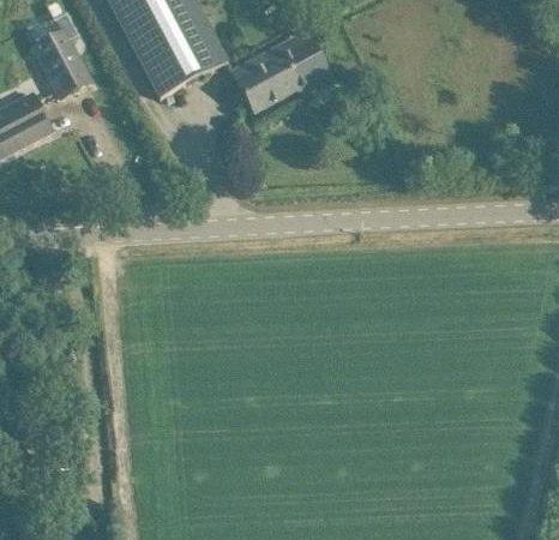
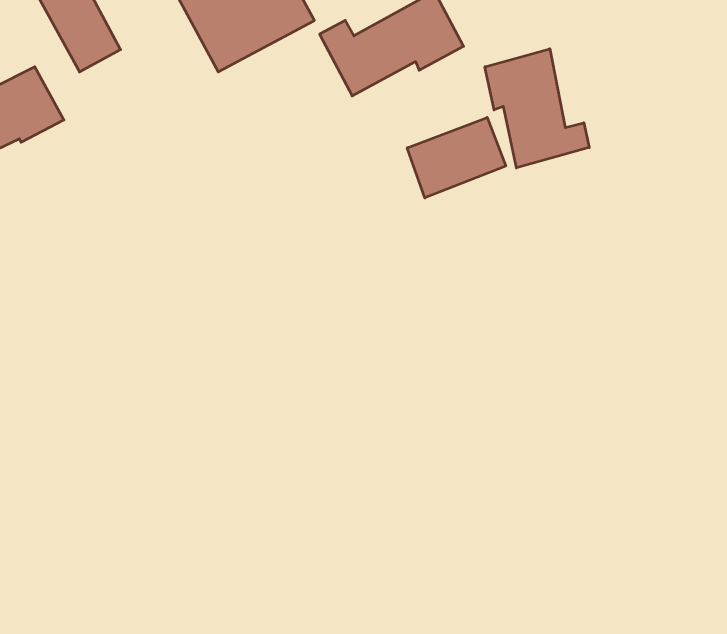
building: none -> [485,49,589,168]
building: none -> [407,117,506,198]

